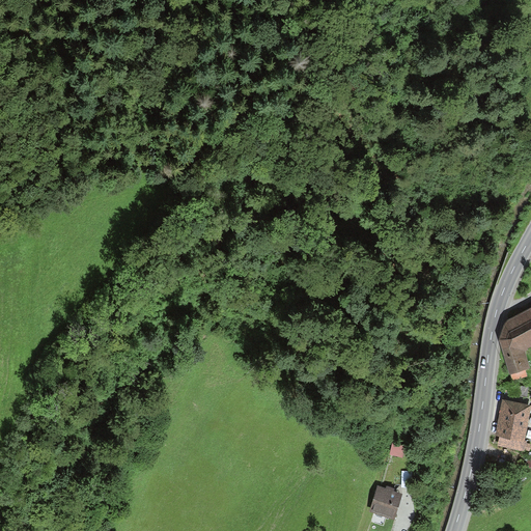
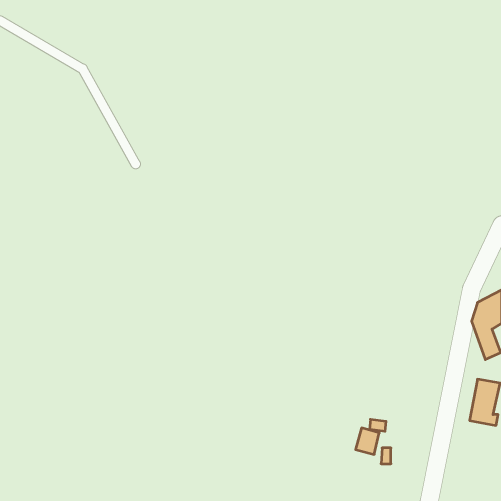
building: [375,486,400,514] -> [356,428,379,454]

